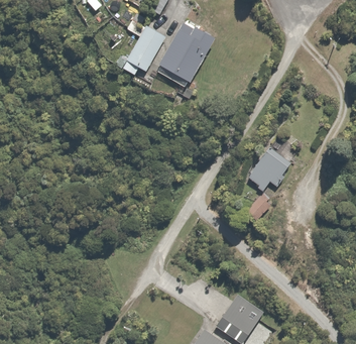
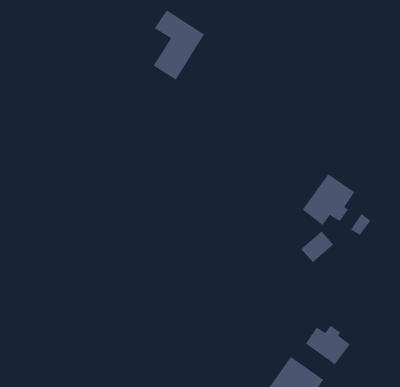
building: [157,21,214,84] -> none
building: none -> [305,325,351,365]

